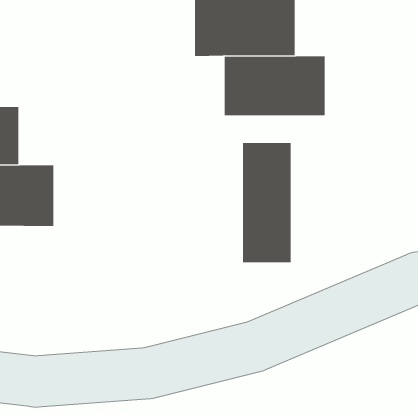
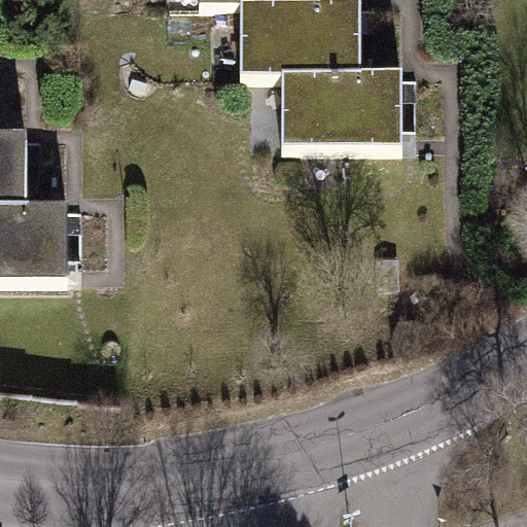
building: [242,142,291,263] -> none

